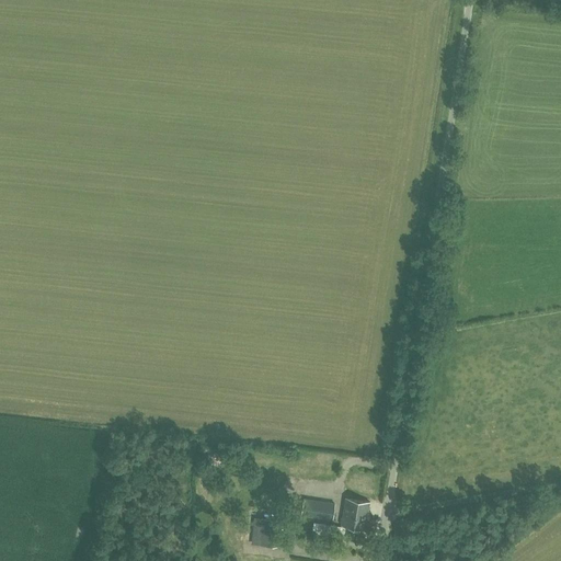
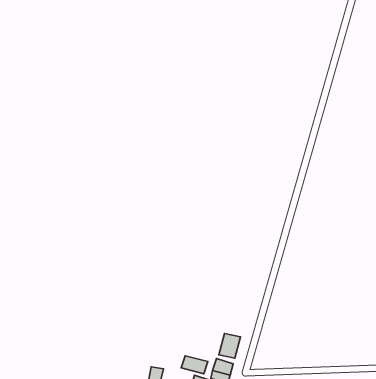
building: none -> [219,333,240,358]

